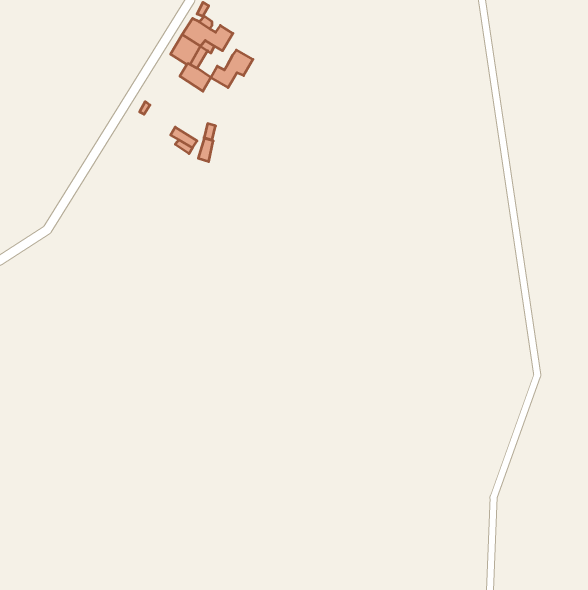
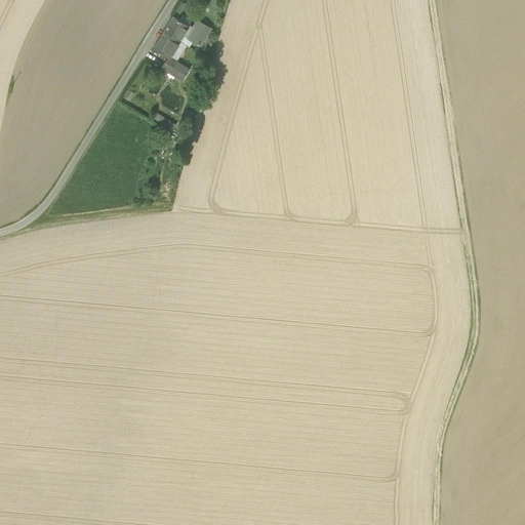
building: [211,50,253,88] -> none

